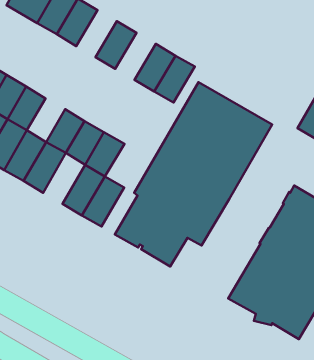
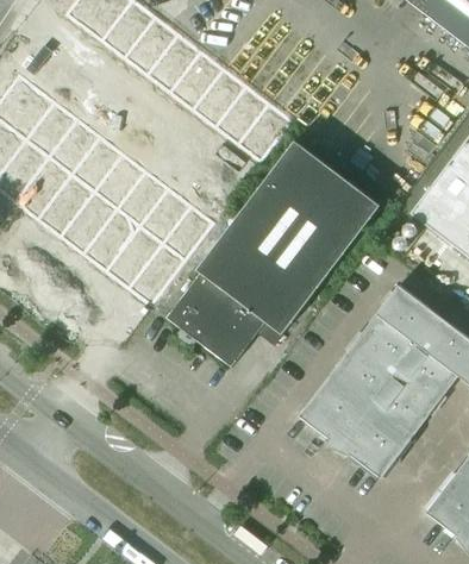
building: none -> [148,33,202,92]
building: none -> [193,68,248,126]
building: none -> [73,136,124,190]
building: none -> [163,205,215,259]
building: none -> [83,207,140,270]

